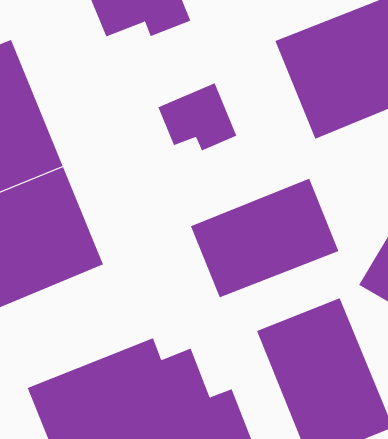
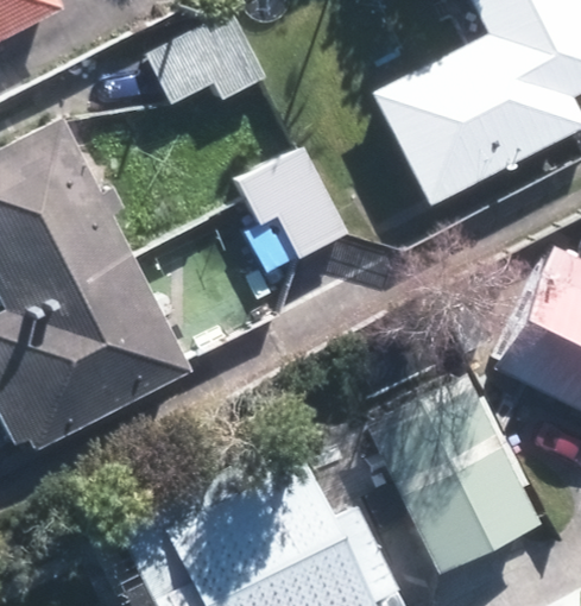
building: [190,178,339,298] -> none

